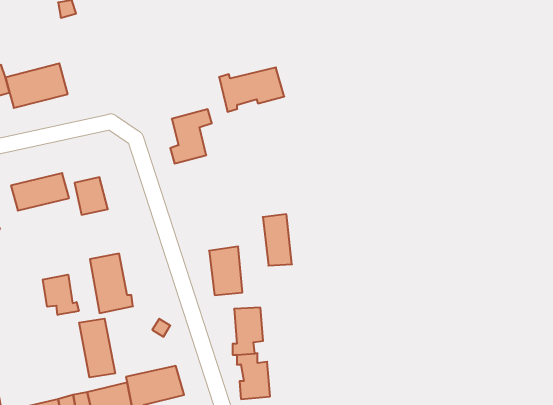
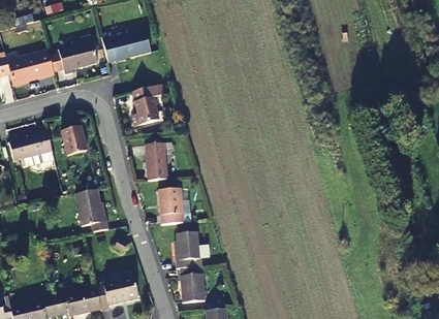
building: none -> [55,41,95,74]
building: [219,67,284,112] -> [100,30,149,63]
building: [263,214,292,266] -> [144,142,165,181]
building: [43,275,79,315] -> none
building: [79,319,115,377] -> none

